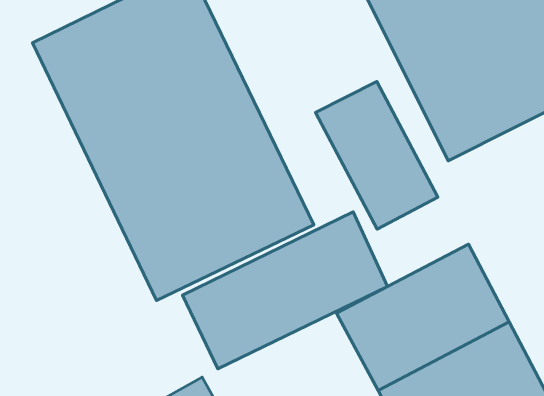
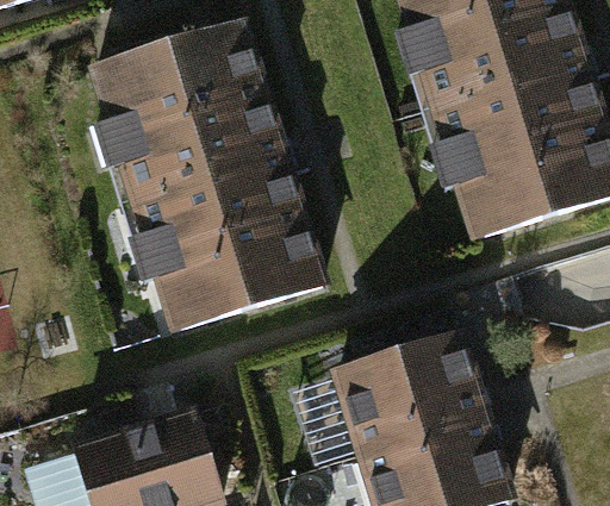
building: [316,81,438,229] -> none
building: [182,212,388,369] -> none

